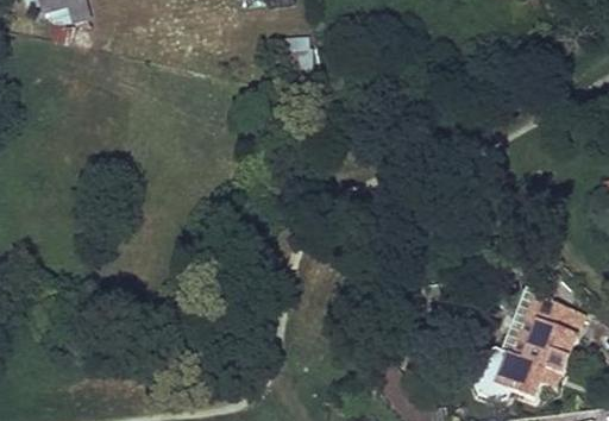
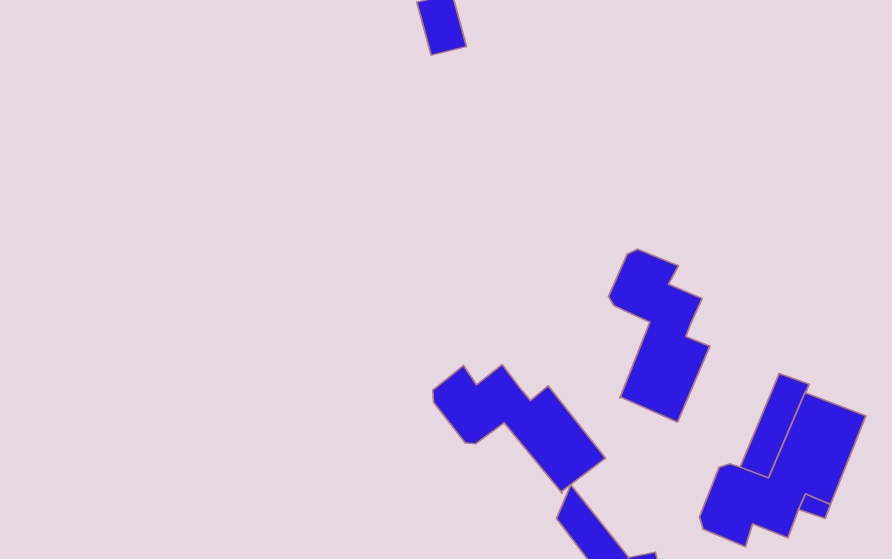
building: none -> [609,249,710,422]
building: none -> [433,365,605,493]

